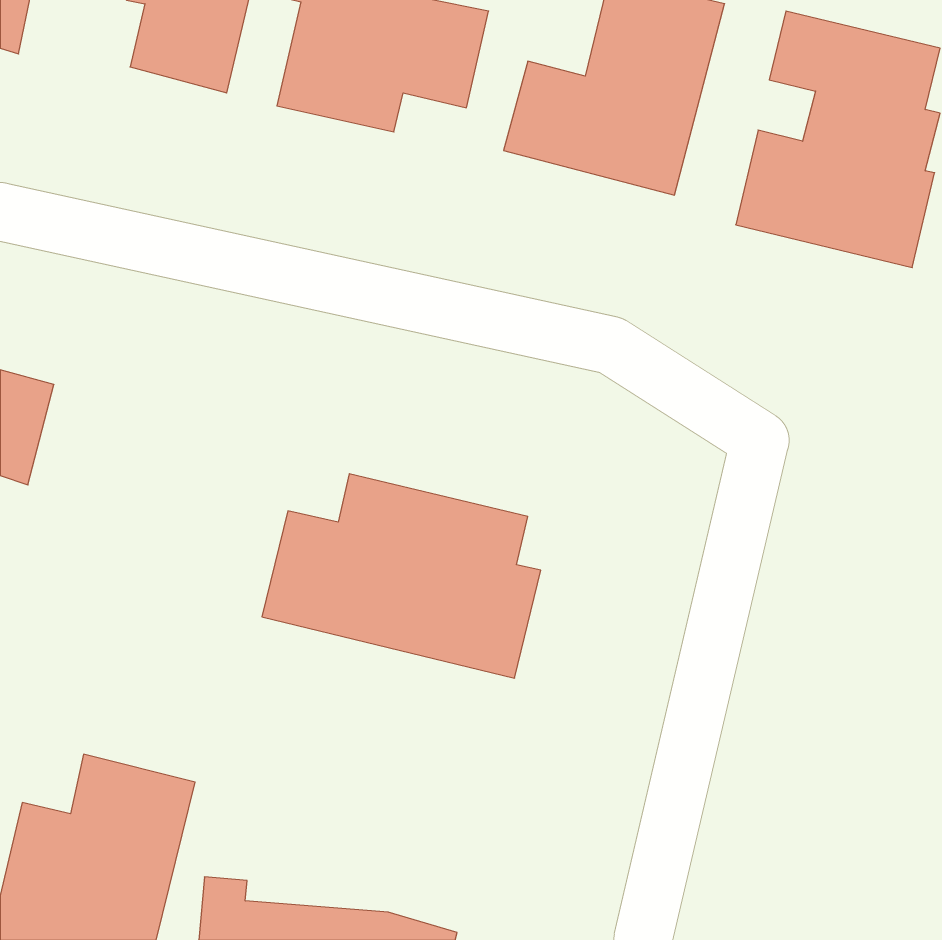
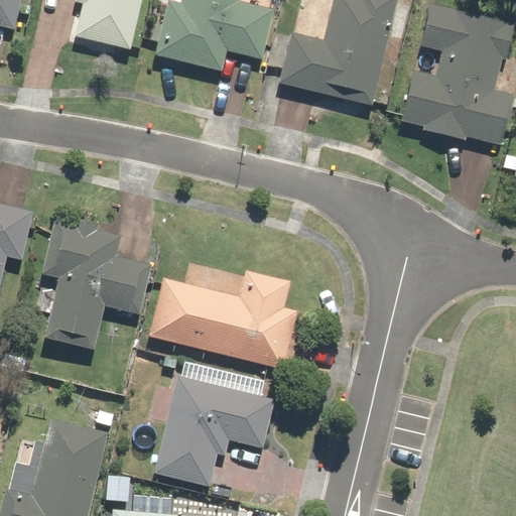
building: none -> [31,219,154,350]
building: none -> [155,378,277,483]

